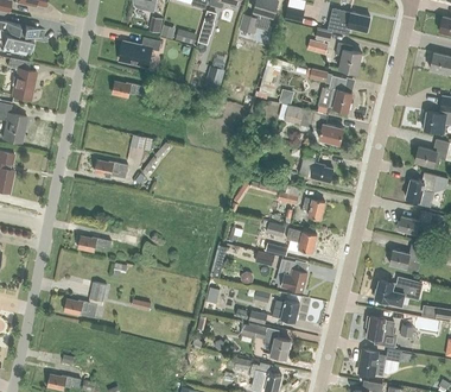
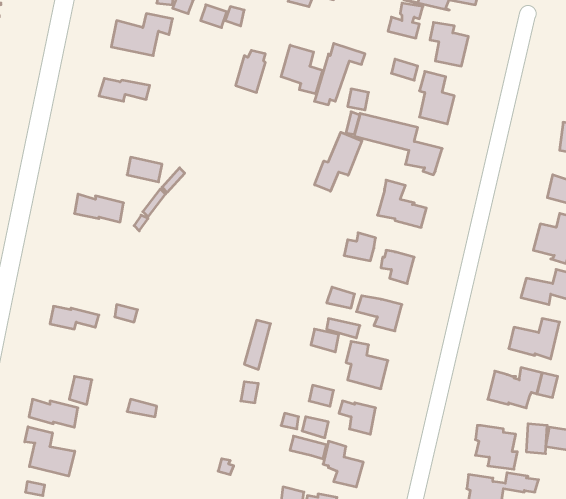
building: none -> [281,45,323,94]
building: none -> [315,132,362,191]
building: none -> [25,427,75,476]

